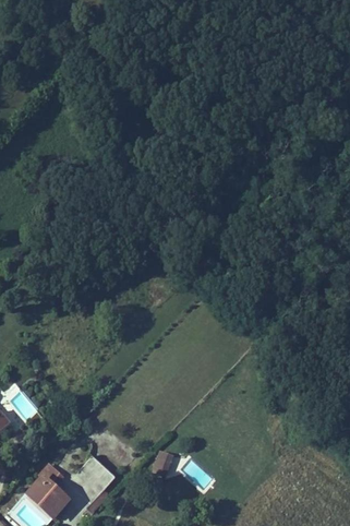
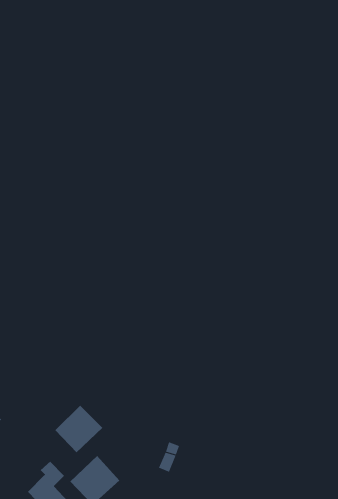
building: none -> [55,405,103,453]

